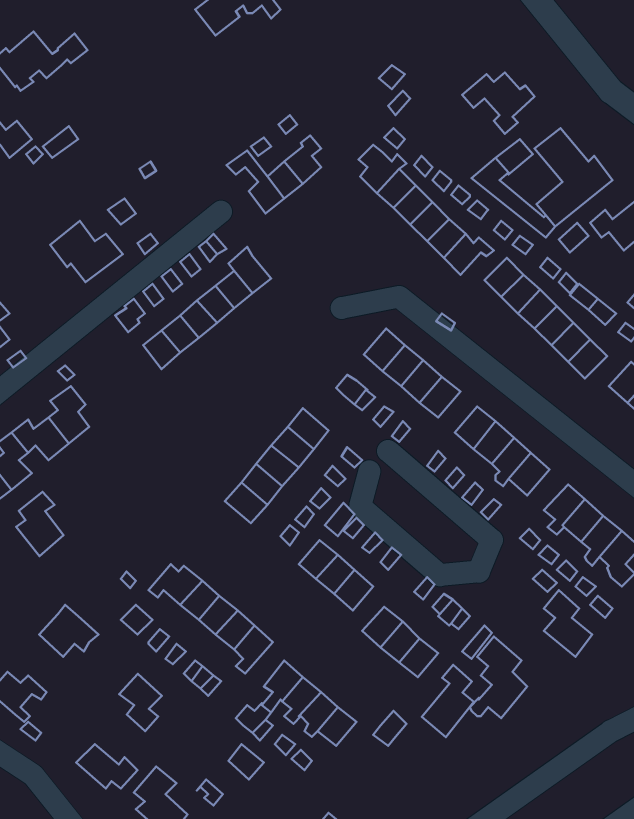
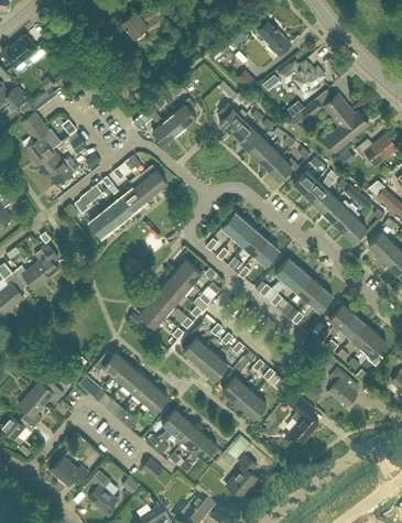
building: none -> [258,21,291,54]
building: none -> [20,111,53,162]
building: [16,492,63,556] -> none
building: [422,665,474,737] -> [226,455,257,498]
building: [119,674,162,731] -> [18,393,43,427]

